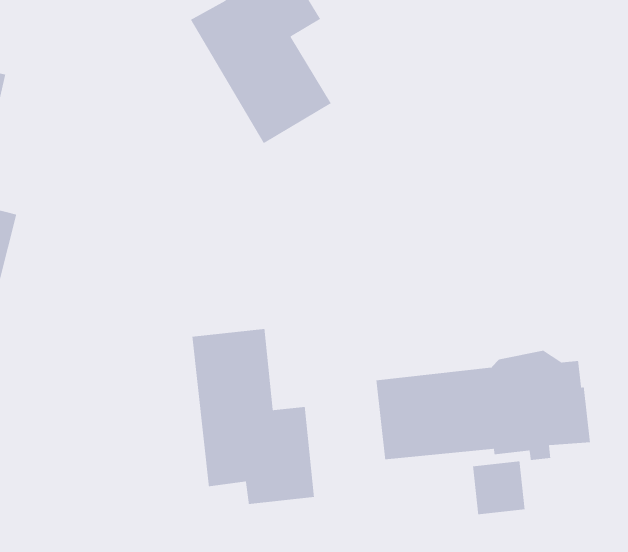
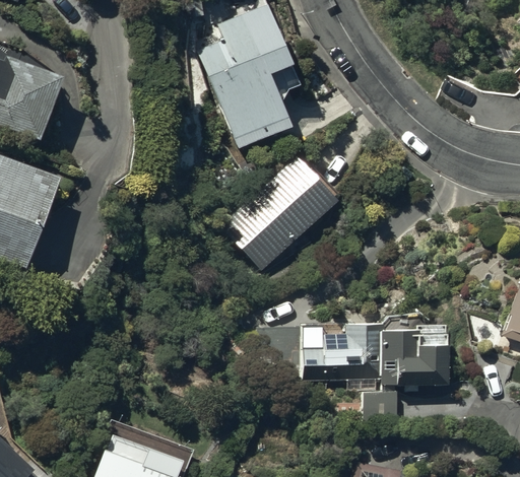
building: none -> [221,156,336,270]
building: [191,328,315,505] -> none

